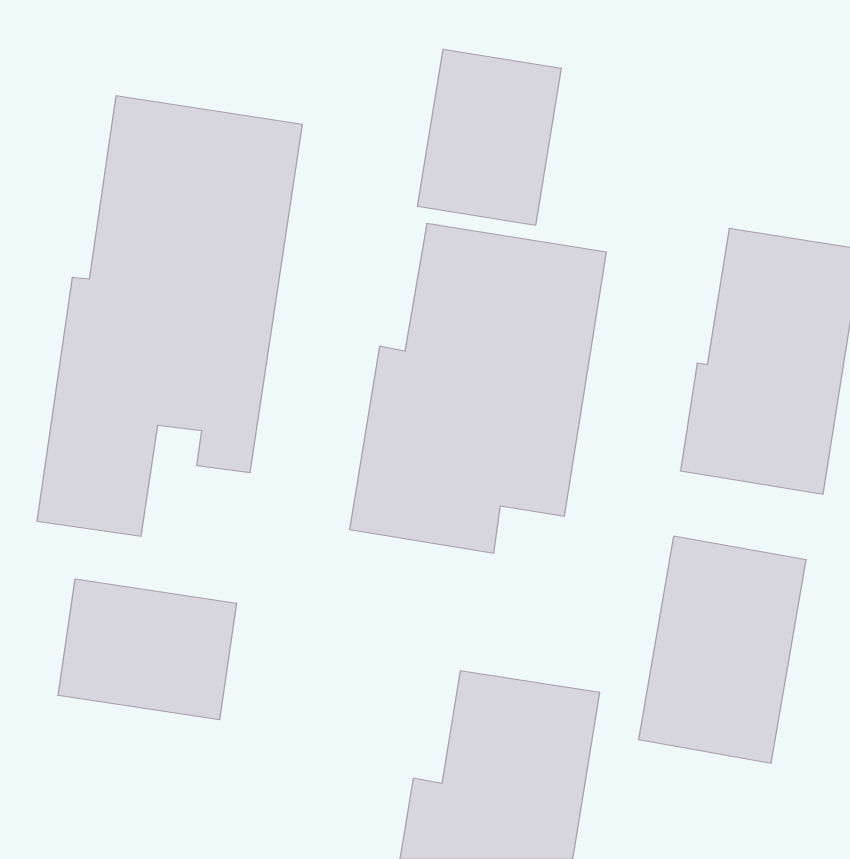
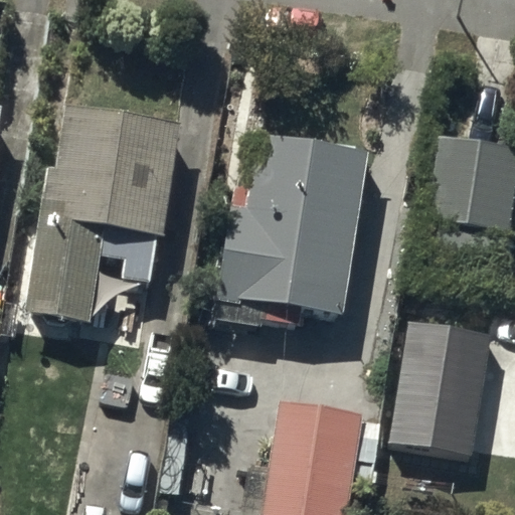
building: [418,49,561,225] -> none
building: [58,579,237,720] -> none

